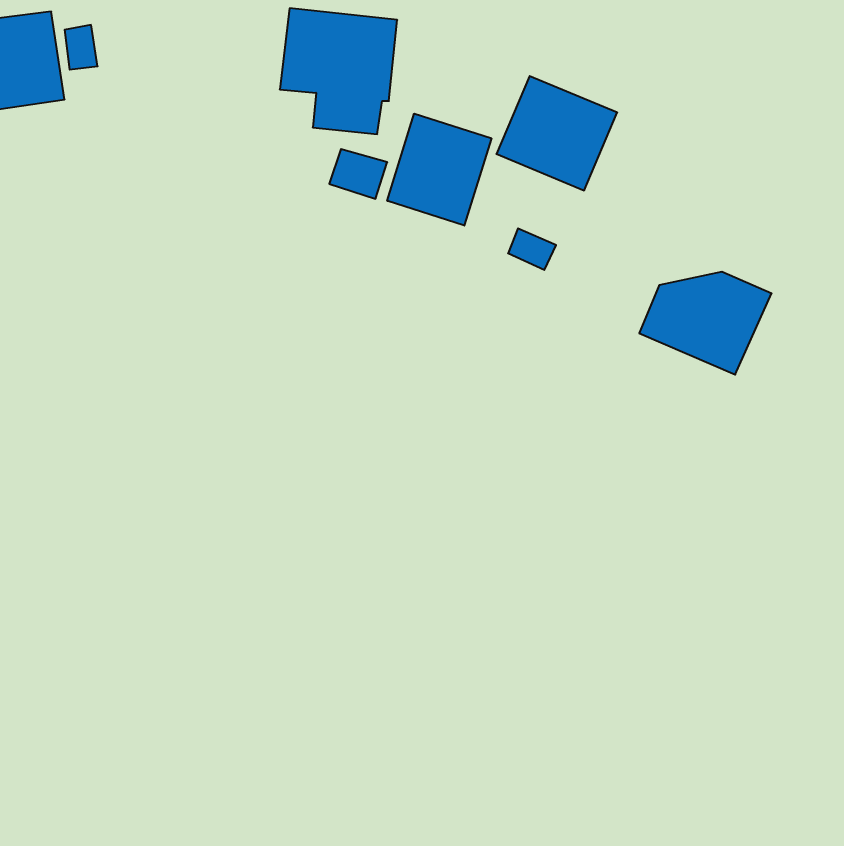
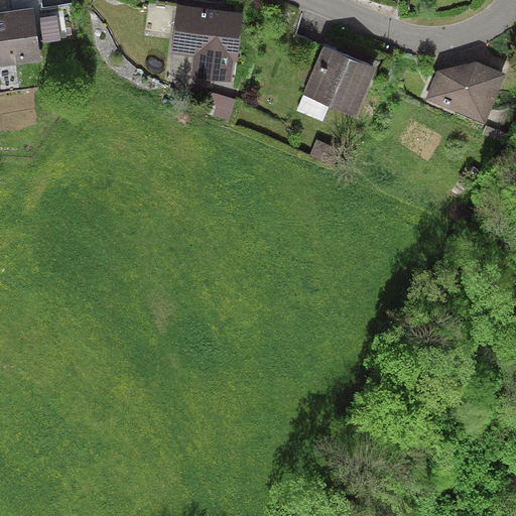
building: [387,114,491,226] -> none
building: [639,272,772,375] -> [425,61,506,124]

